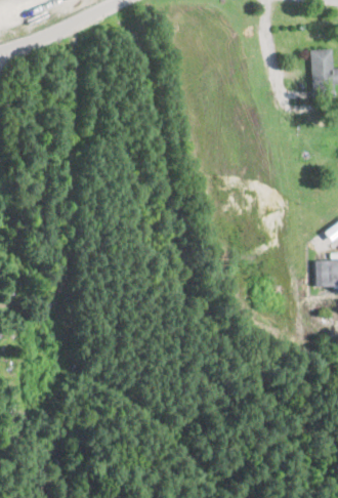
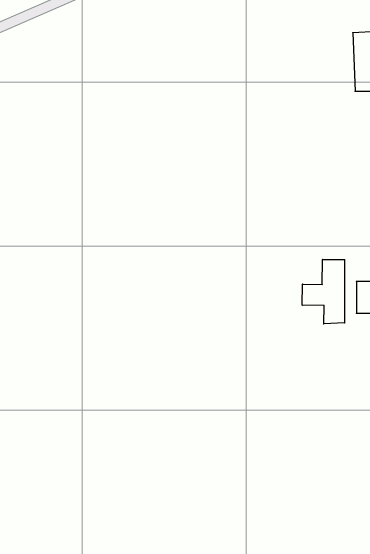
building: none -> [302,259,345,324]

